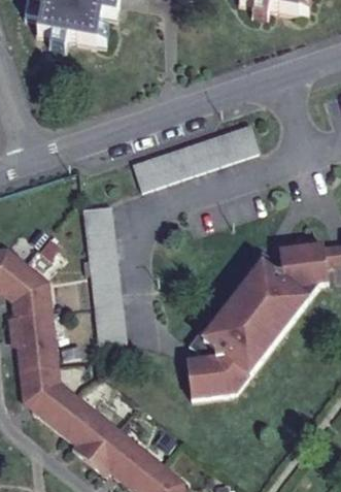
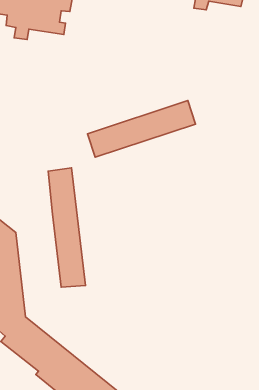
building: [185,245,327,399] -> none

